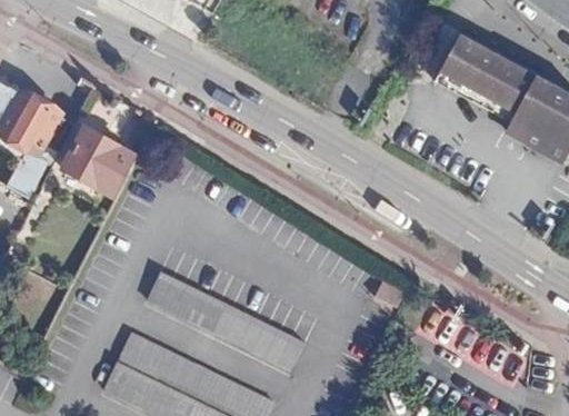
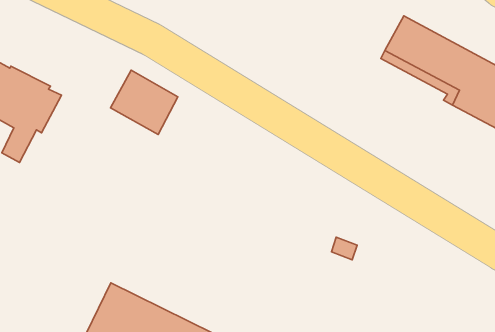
building: [63,127,139,199] -> [110,70,178,135]
building: [148,271,305,370] -> none

